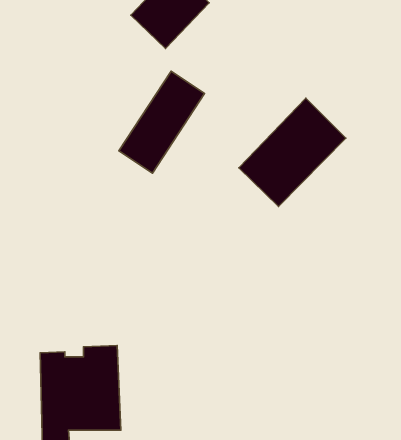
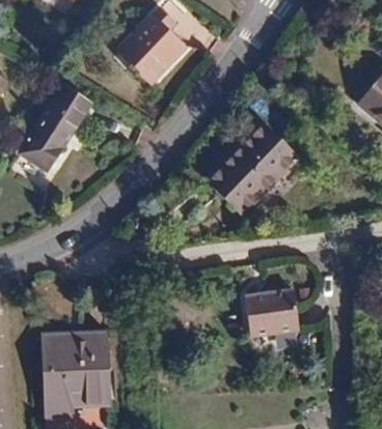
building: [119,71,205,173] -> [19,88,90,173]
building: none -> [245,292,298,337]

